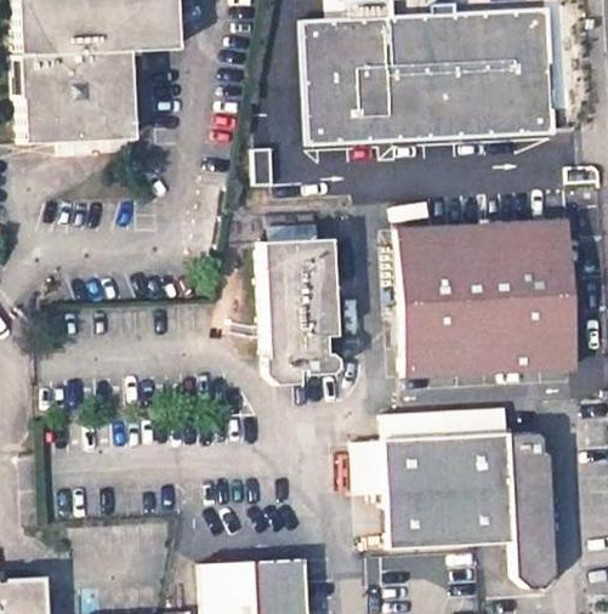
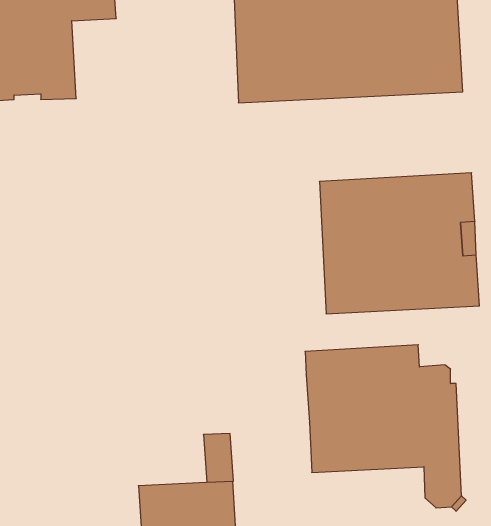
building: [263,239,339,386] -> none
building: [357,442,390,495] -> [203,434,233,482]

